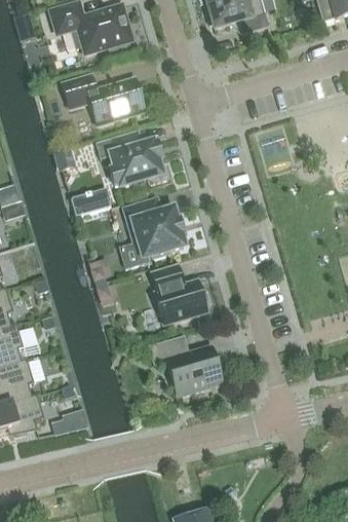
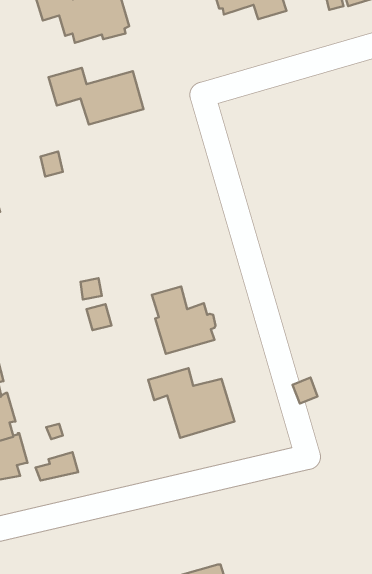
building: [111,133,168,186] -> none
building: [71,188,111,216] -> none
building: [119,197,184,266] -> none

